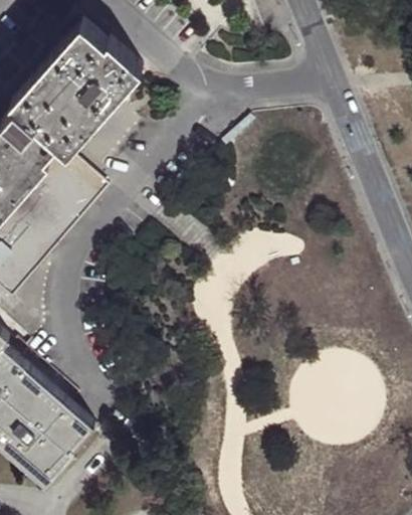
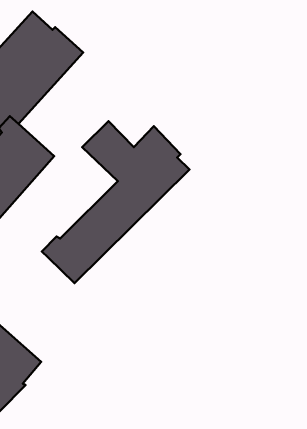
building: none -> [42,121,189,283]

